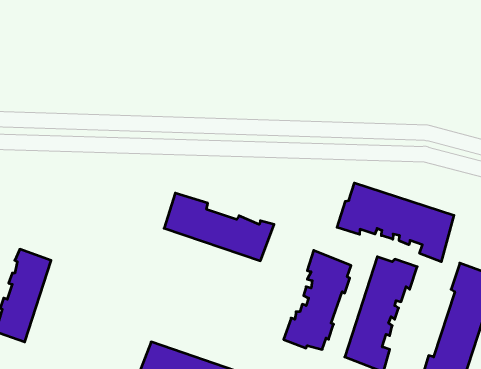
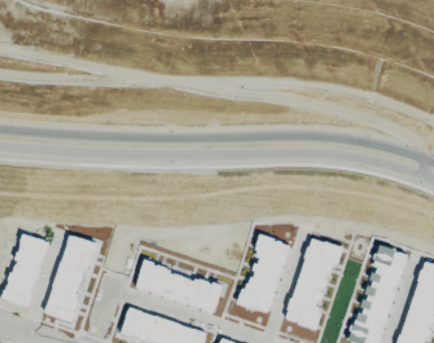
building: [337,183,454,262] -> none
building: [164,193,274,261] -> [136,260,224,314]
building: none -> [45,235,98,324]

